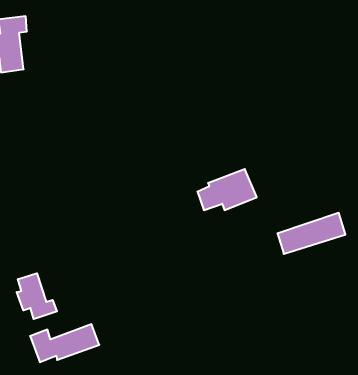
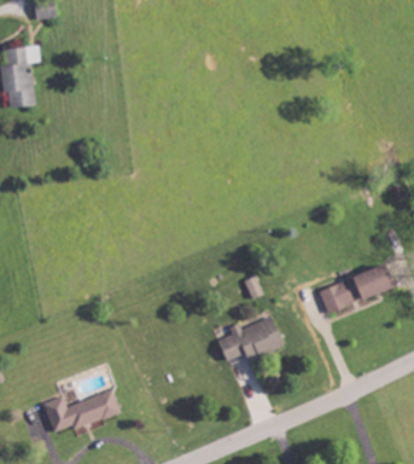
building: [197,169,257,210] -> [217,314,284,360]
building: [17,273,57,319] -> none

